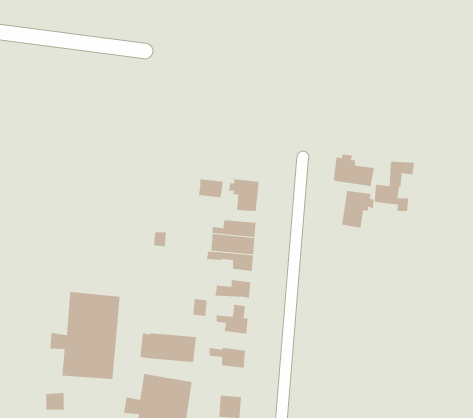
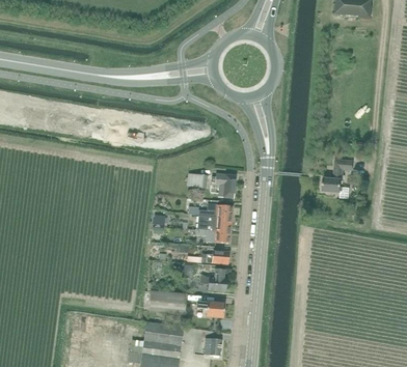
building: [333,154,374,187] -> none
building: [342,190,374,228] -> none
building: [50,291,120,380] -> none

